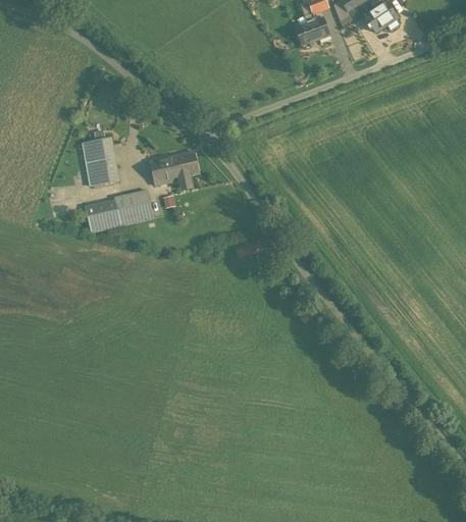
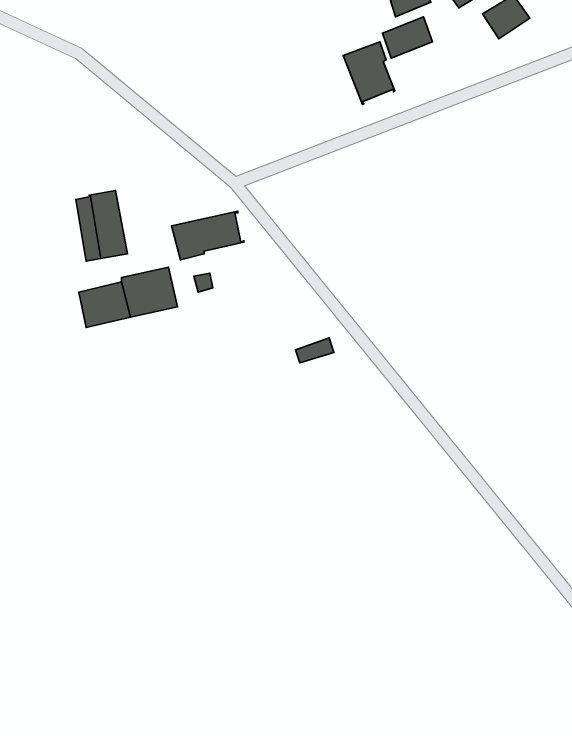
building: none -> [343,42,395,105]

